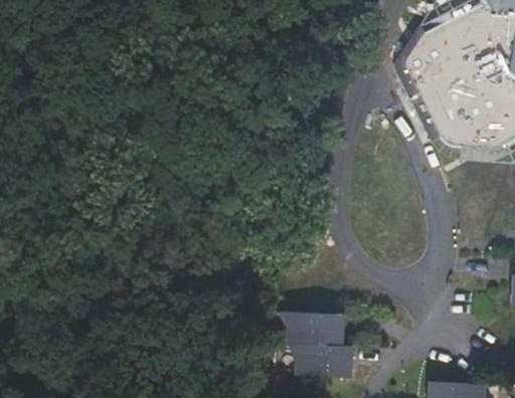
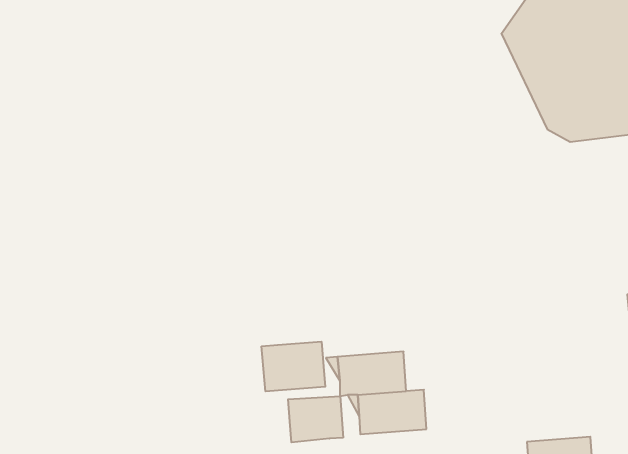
building: none -> [262,342,325,391]
building: none -> [288,396,343,442]

